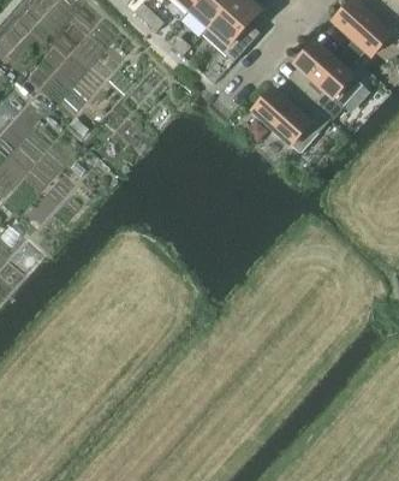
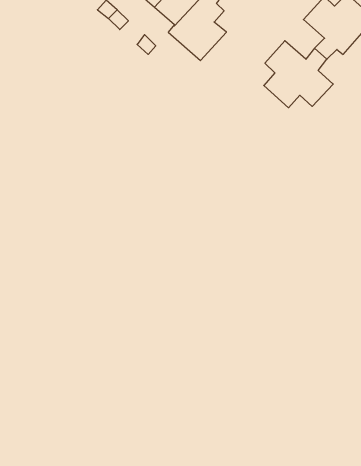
building: [251,84,329,152] -> none

